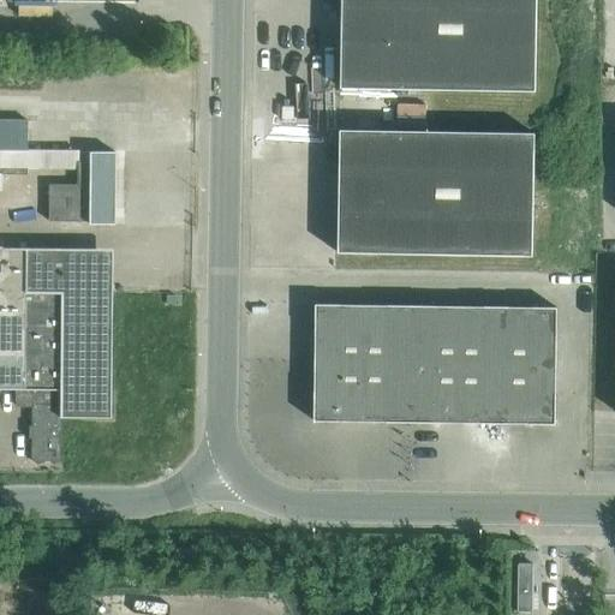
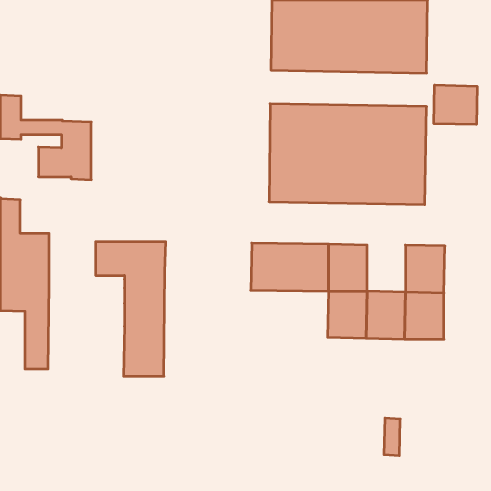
building: none -> [434,85,477,124]
building: [25,250,113,418] -> [96,242,166,376]
building: [459,306,507,365] -> none
building: [312,363,411,422] -> none
building: [514,561,535,608] -> [384,418,400,456]

